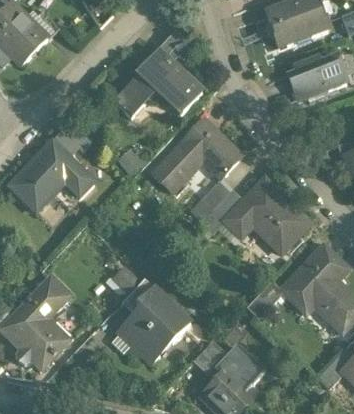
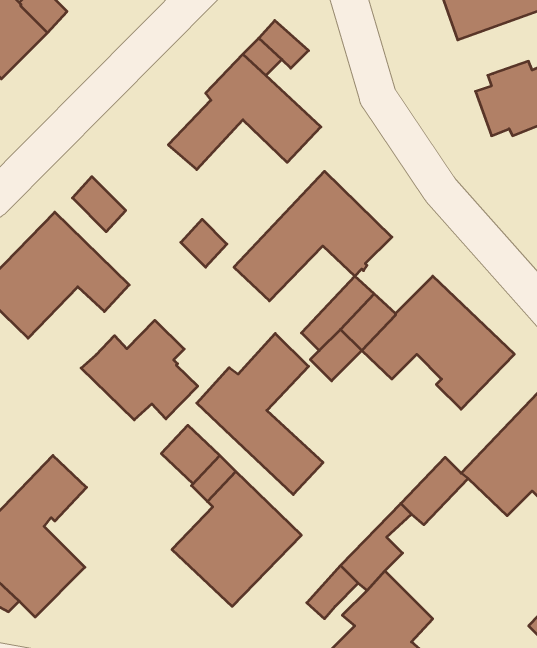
building: none -> [81,320,198,420]
building: none -> [197,333,323,495]

